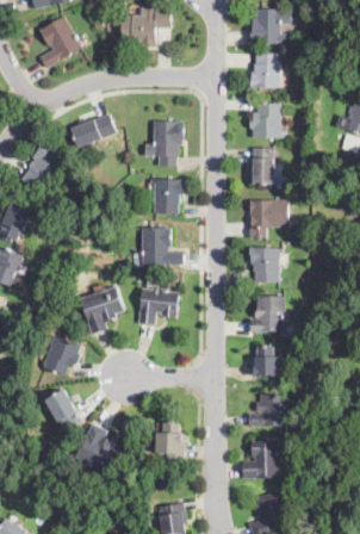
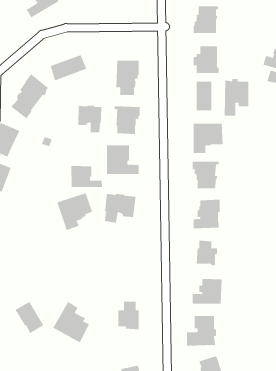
building: none -> [224,78,249,117]
building: none -> [78,105,102,133]
building: none -> [71,165,102,188]
building: [44,335,81,375] -> none
building: [45,390,82,430] -> [15,301,44,334]

